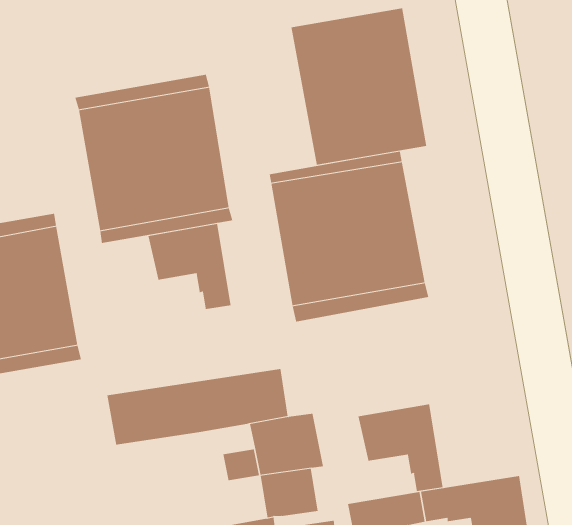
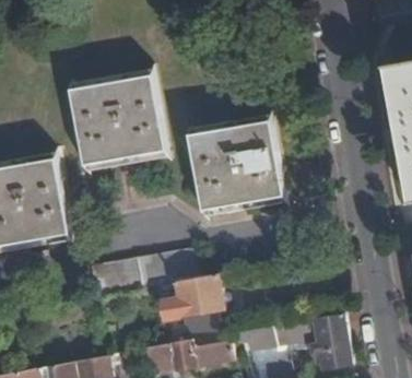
building: [291,7,427,165] -> none
building: [148,223,231,310] -> none
building: [358,403,443,492] -> none

